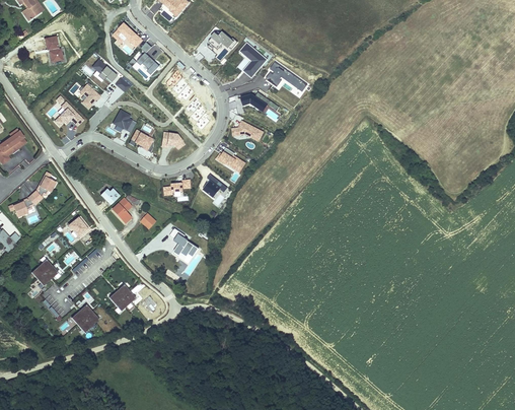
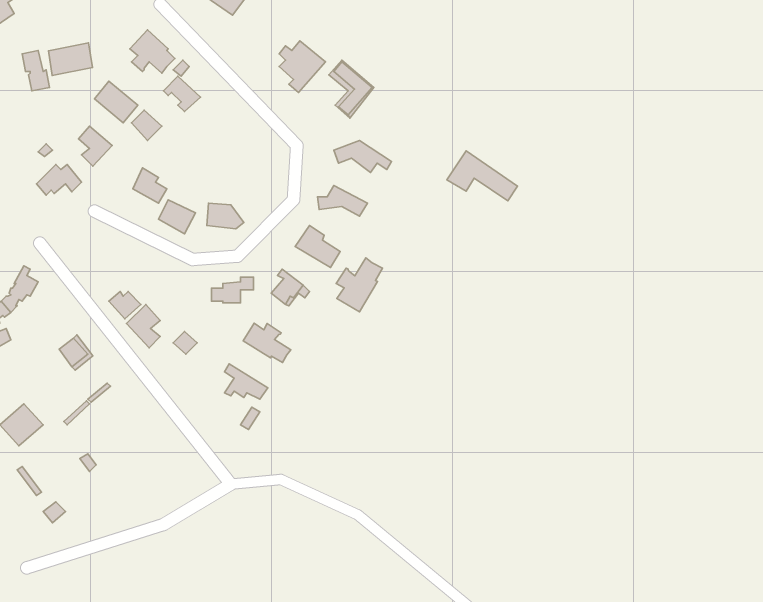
building: none -> [48,43,92,75]
building: [262,60,306,91] -> [447,151,518,201]
building: none -> [336,258,382,312]
building: none -> [243,323,291,363]
building: [108,283,136,312] -> none
building: [70,303,98,332] -> none

